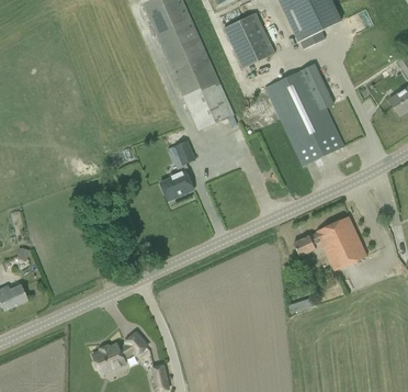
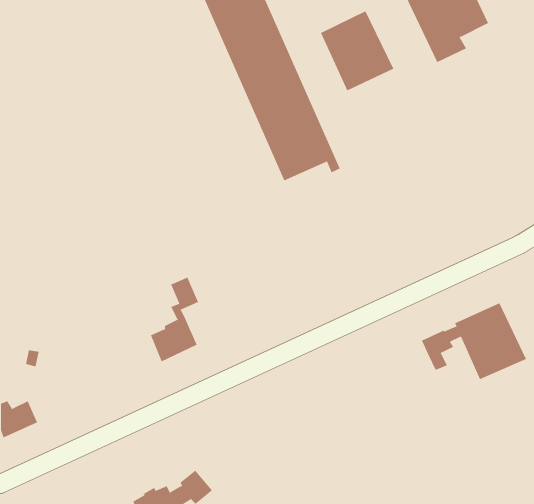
building: [265,63,343,165] -> none
building: [160,141,194,200] -> [150,277,199,362]

